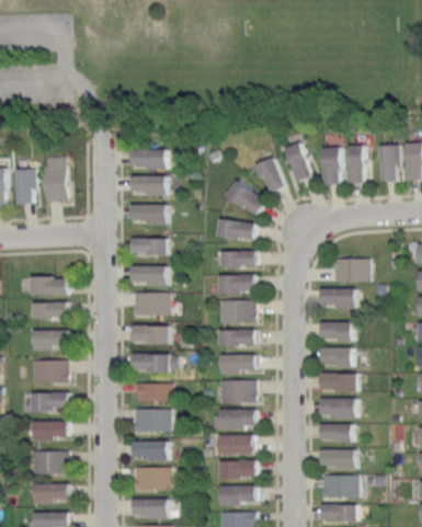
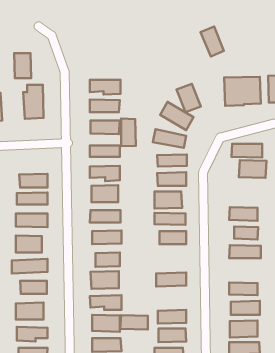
building: [275,141,307,182] -> [200,27,224,57]
building: [15,170,38,204] -> [14,53,31,78]
building: none -> [121,119,136,146]
building: [318,289,360,308] -> [231,144,262,157]
building: [218,380,255,404] -> none
building: [318,399,363,419] -> none
building: [221,435,259,455] -> [120,315,148,330]

